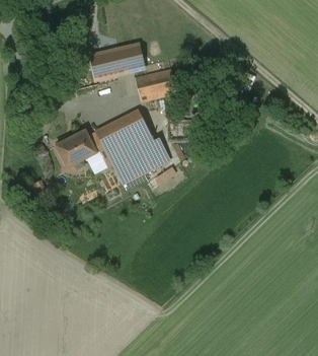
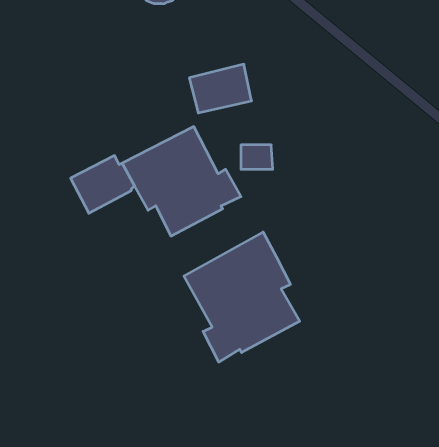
building: [91,43,144,77] -> none
building: none -> [184,232,300,362]

